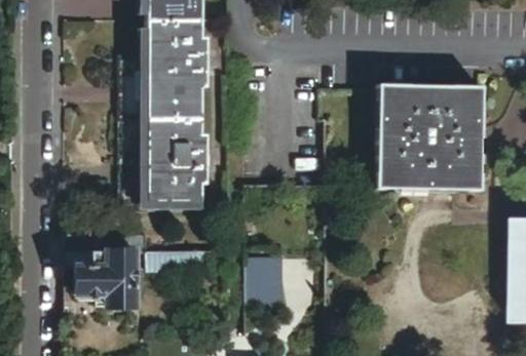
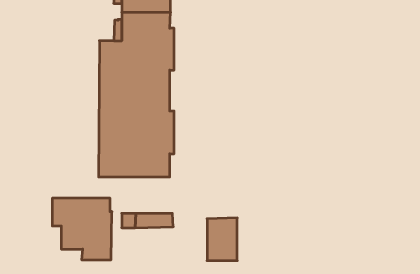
building: [379,86,483,190] -> none

